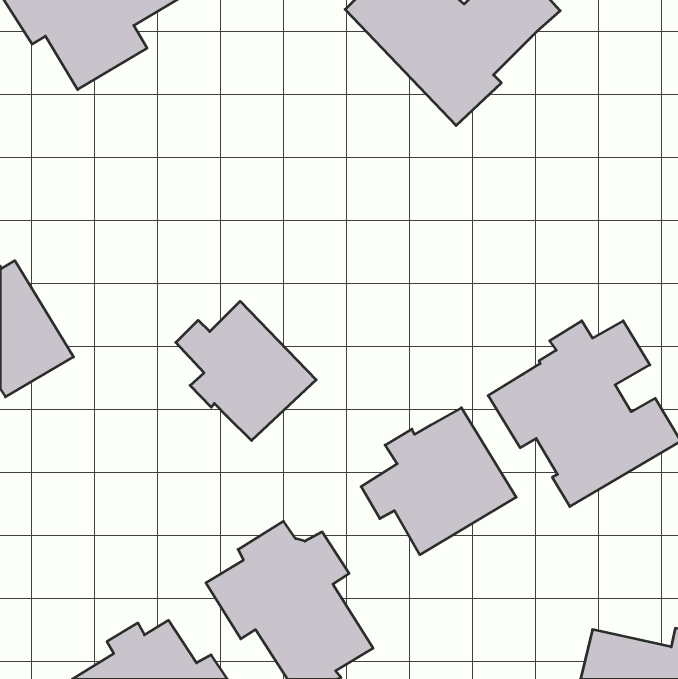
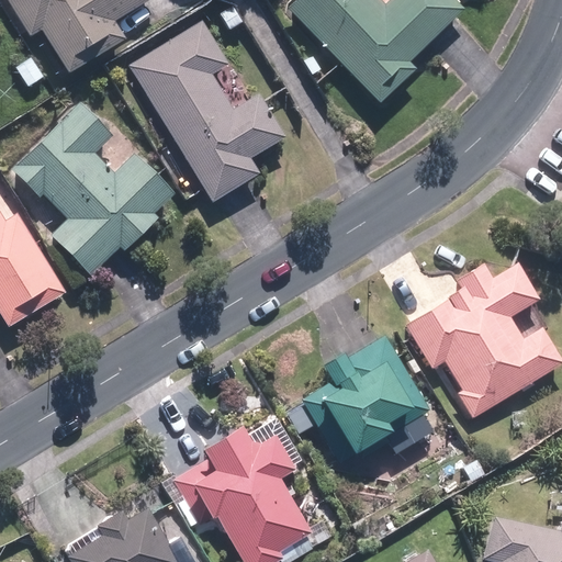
building: none -> [130,20,285,201]
building: none -> [11,102,173,274]
building: [176,301,316,441] -> none

